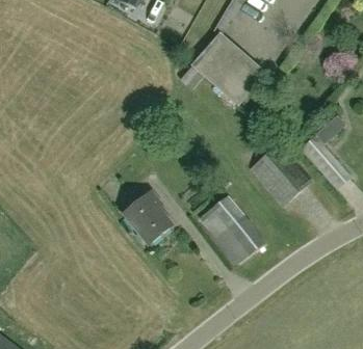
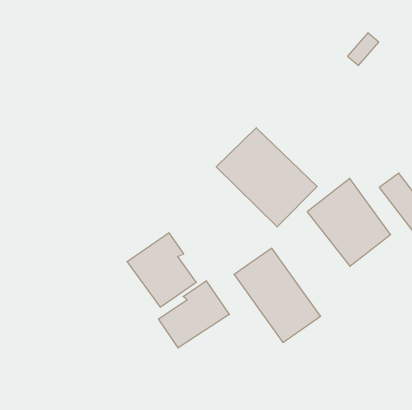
building: [191,34,265,105] -> [216,128,317,227]
building: none -> [158,281,229,348]

